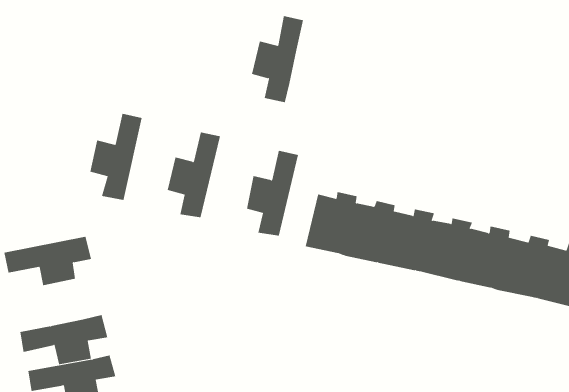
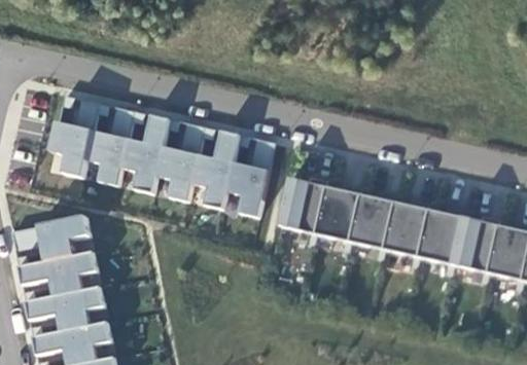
building: [251,16,304,103] -> [194,131,241,209]
building: none -> [52,99,101,176]
building: none -> [124,114,171,192]
building: none -> [19,251,98,296]

